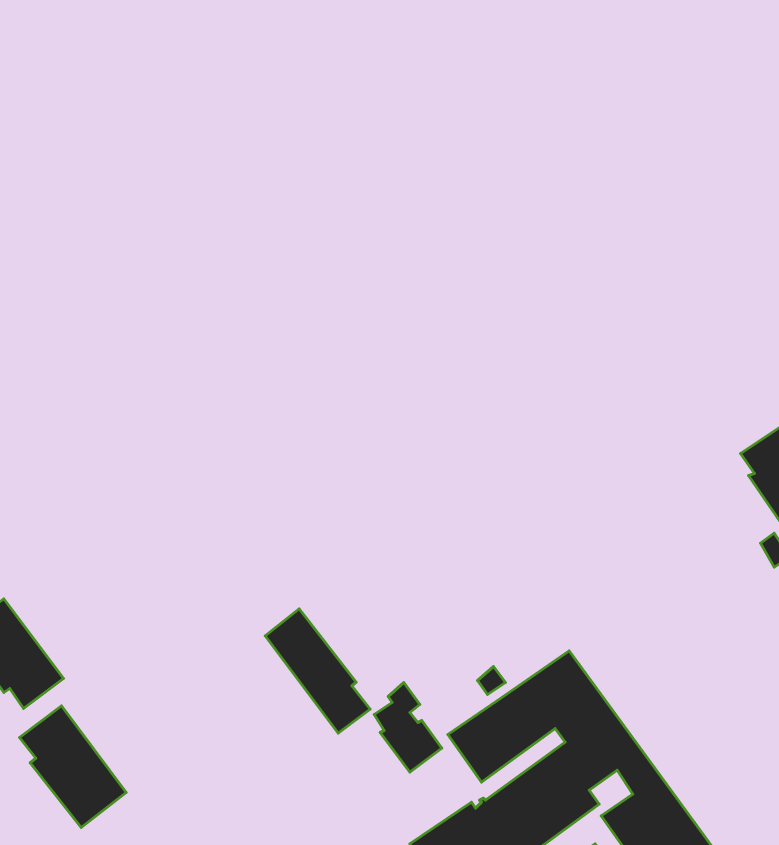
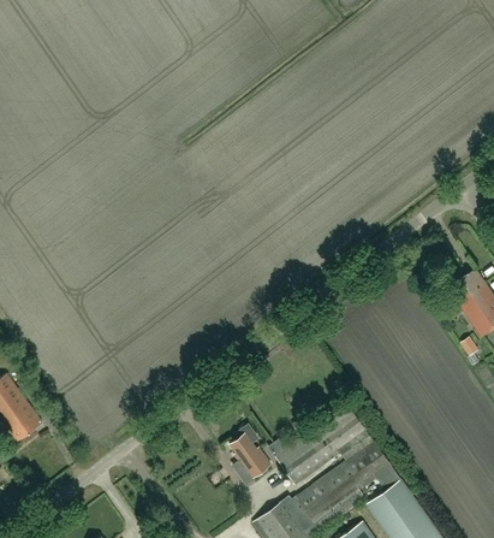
building: [265,609,370,733] -> none
building: [19,706,126,827] -> none

